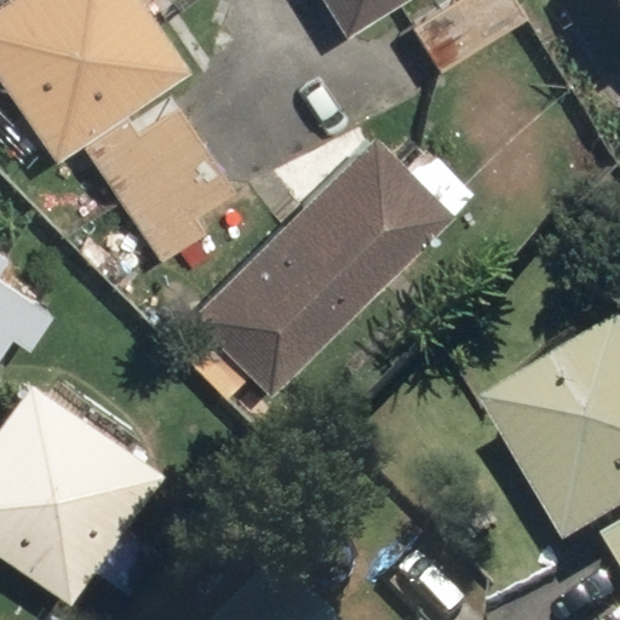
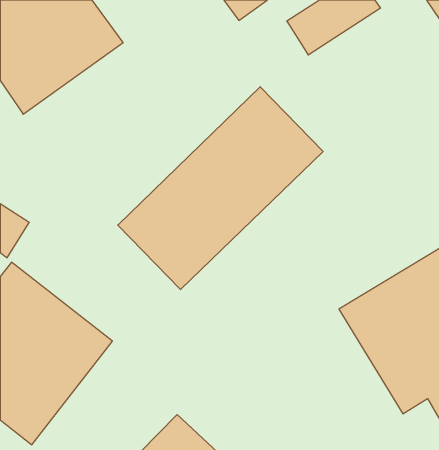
building: [82,102,234,265] -> none

